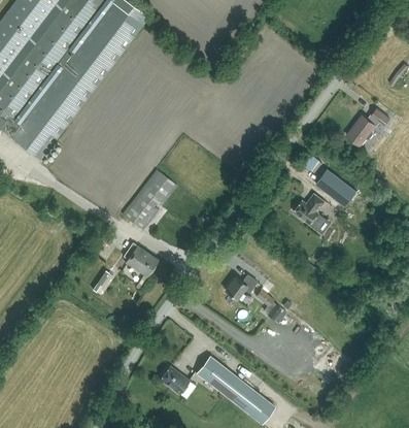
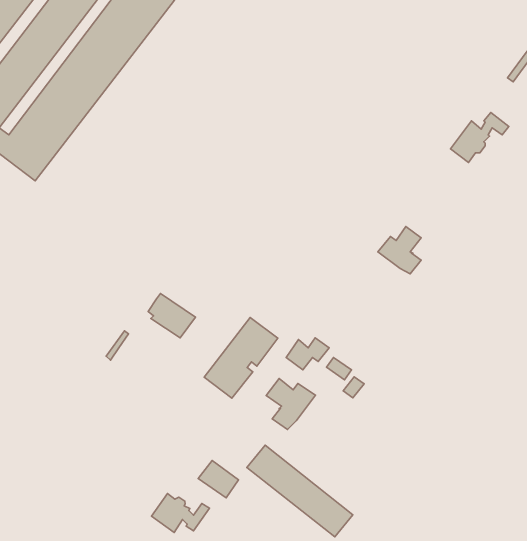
building: [121,168,175,228] -> [204,317,278,398]
building: [316,169,357,206] -> none
building: none -> [266,378,315,430]
building: none -> [151,493,209,533]

